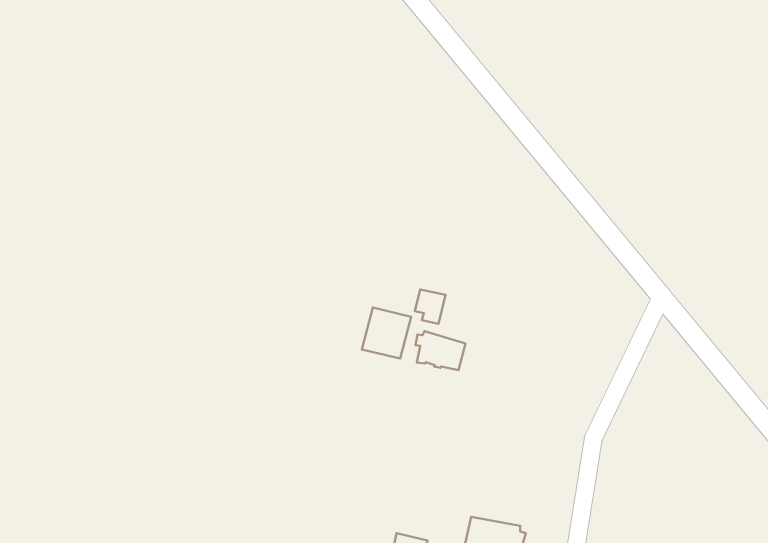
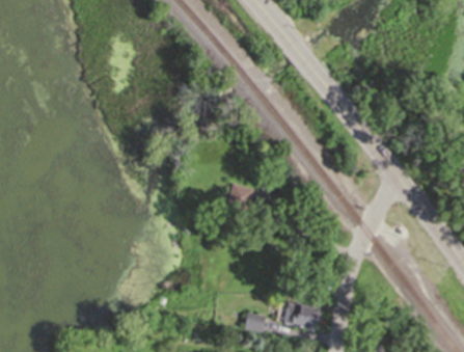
building: [415,331,466,370] -> none

